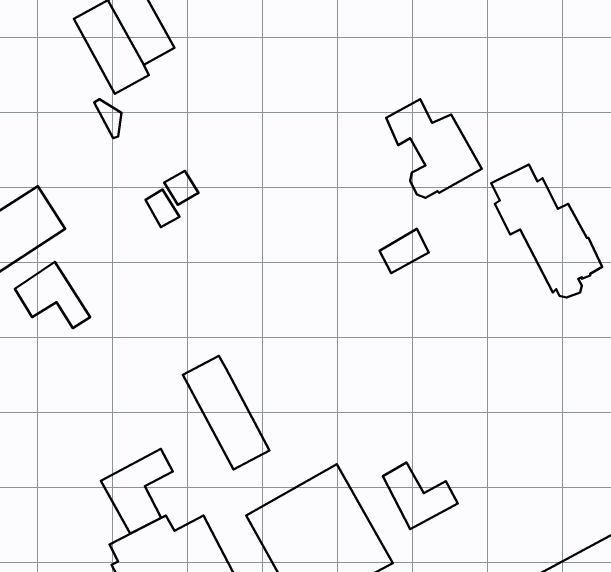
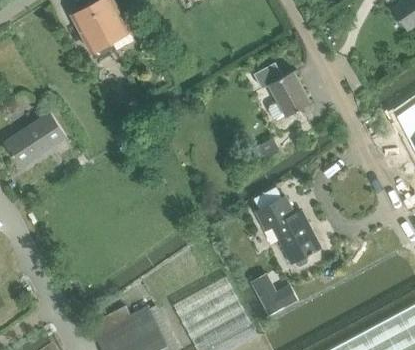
building: [491,165,602,298] -> [255,188,320,266]
building: [15,262,90,328] -> none
building: [183,356,269,470] -> none
building: [101,449,173,534] -> none

